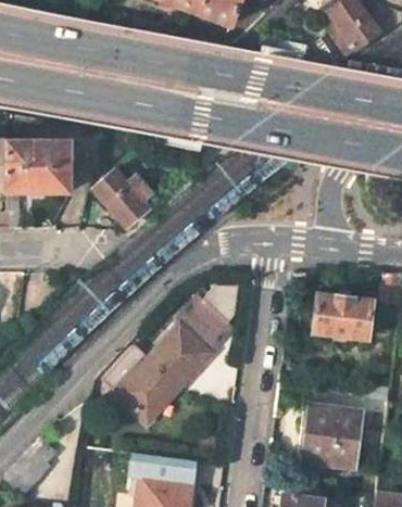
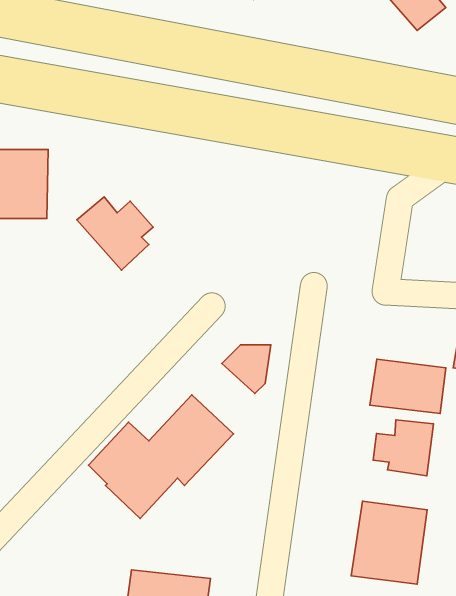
building: [181,301,236,354] -> none
building: none -> [373,420,433,476]

